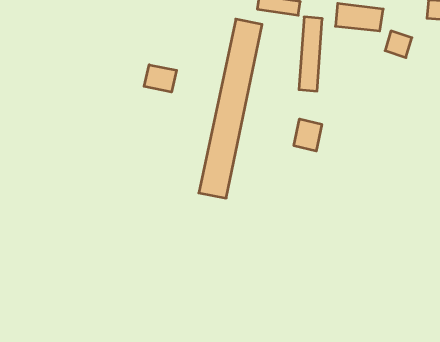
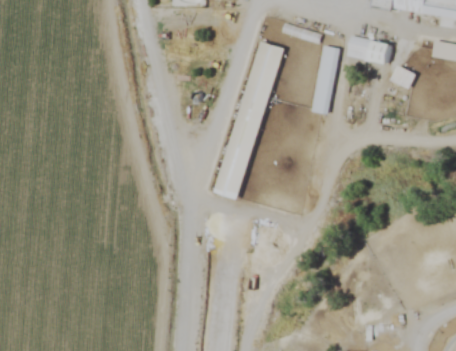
building: [144,65,177,92] -> none
building: [294,119,322,151] -> none

